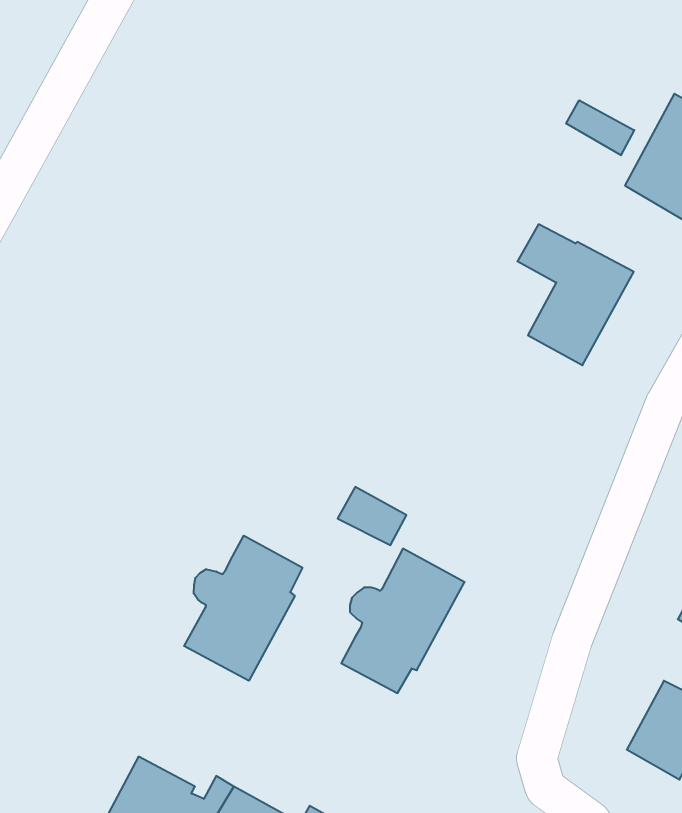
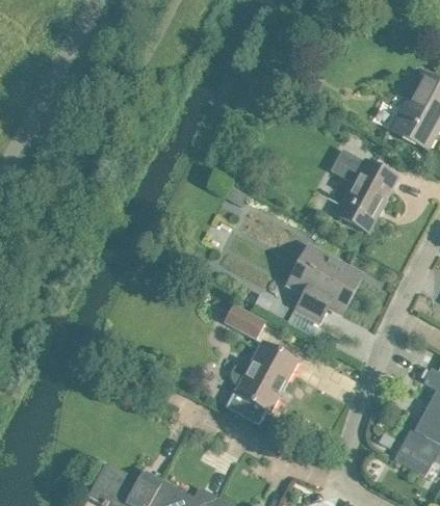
building: [566,100,634,155] -> none
building: none -> [290,247,359,324]
building: [184,536,302,681] -> none

